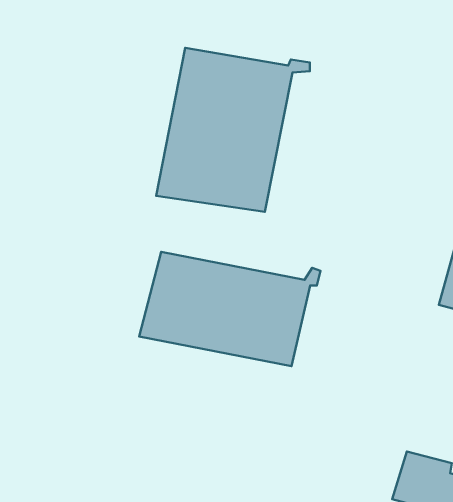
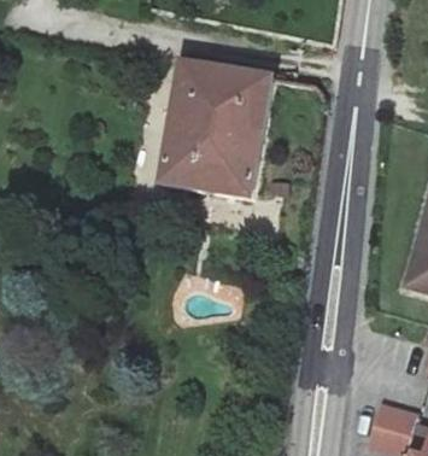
building: [139,252,320,366] -> none

